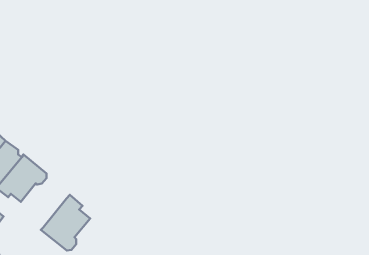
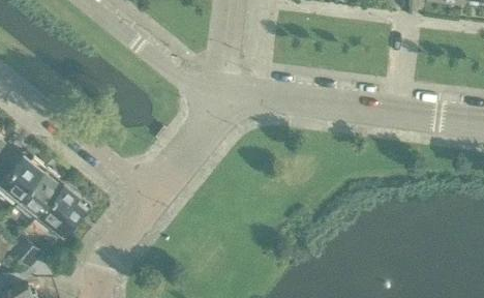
building: [41,195,90,251] -> none

